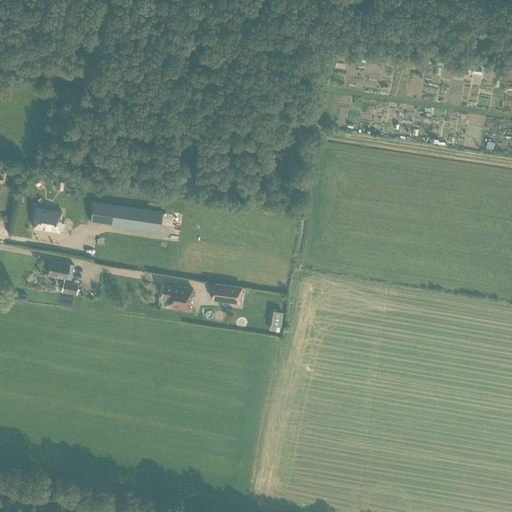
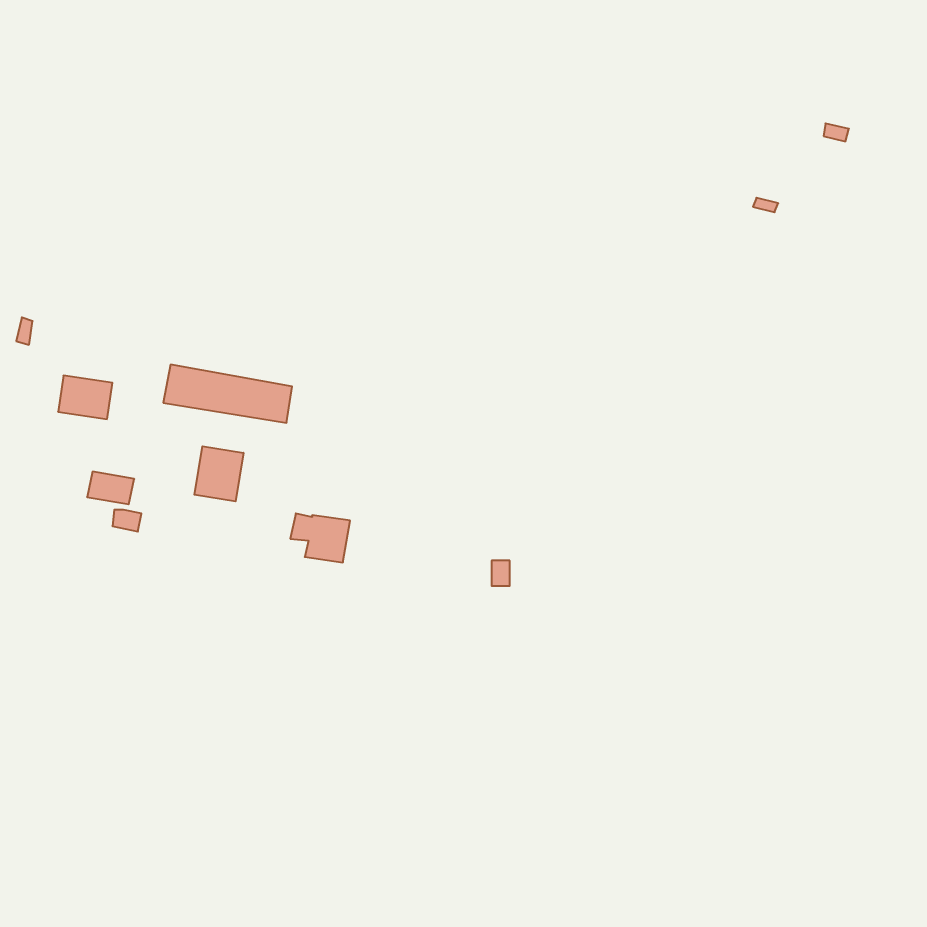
building: none -> [194,446,243,501]
building: [212,283,241,302] -> none

